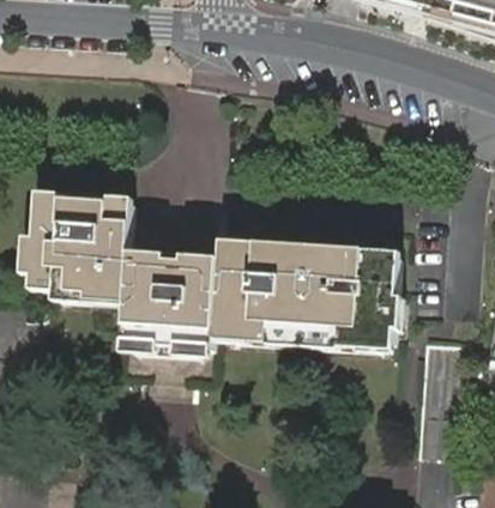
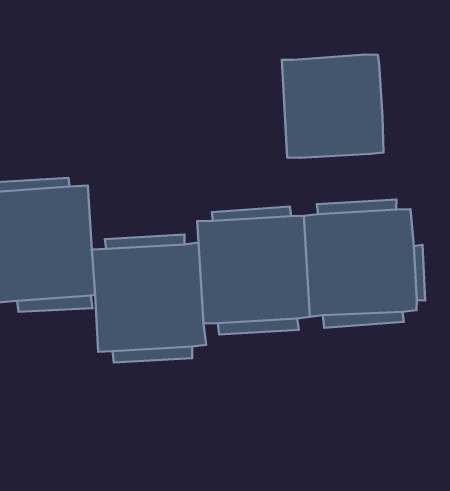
building: none -> [282,55,383,158]

